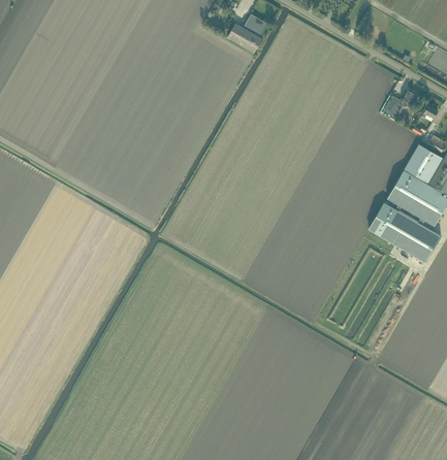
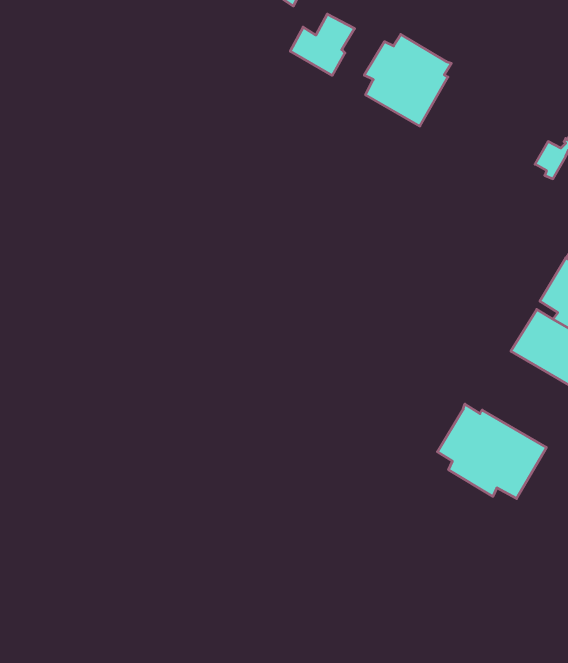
building: none -> [364,34,451,126]
building: none -> [437,404,546,499]

